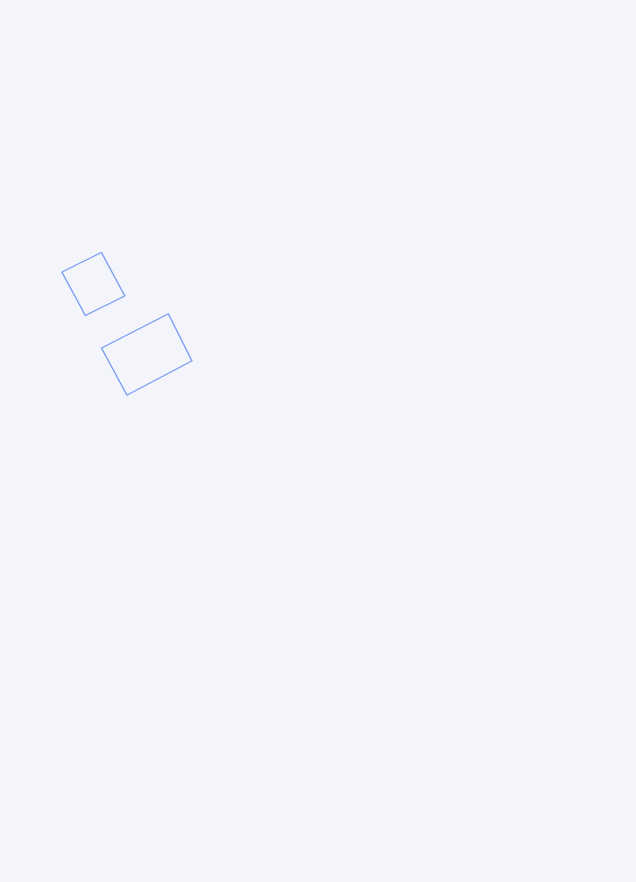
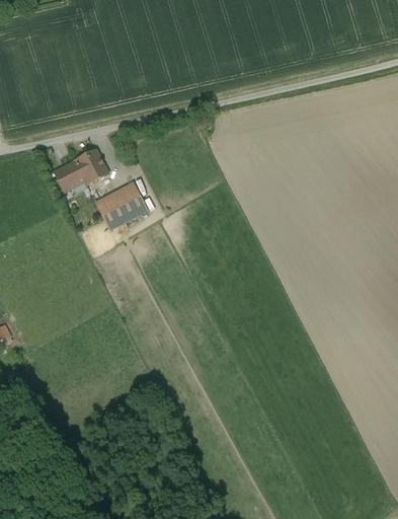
building: none -> [55,161,85,190]

